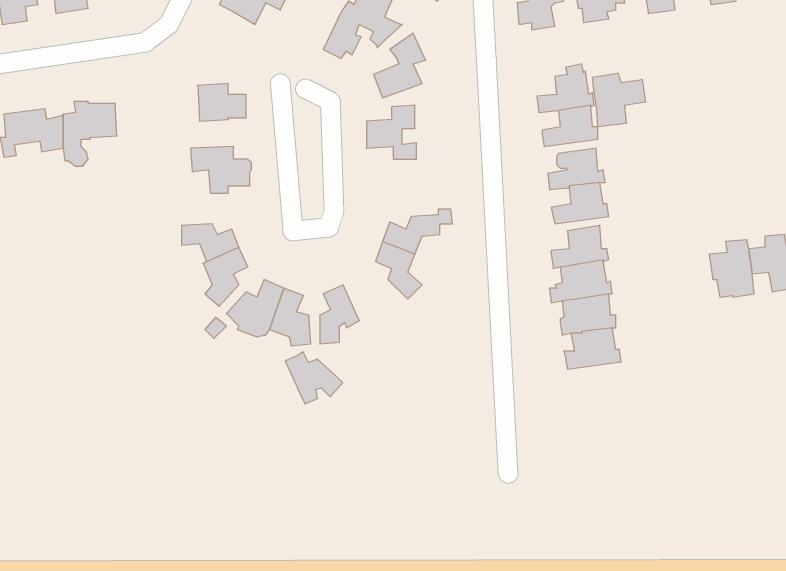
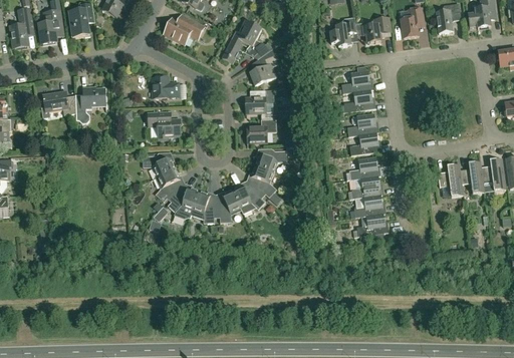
building: [592,73,645,127] -> none
building: none -> [247,117,277,141]
building: [285,352,343,404] -> [233,184,265,213]

